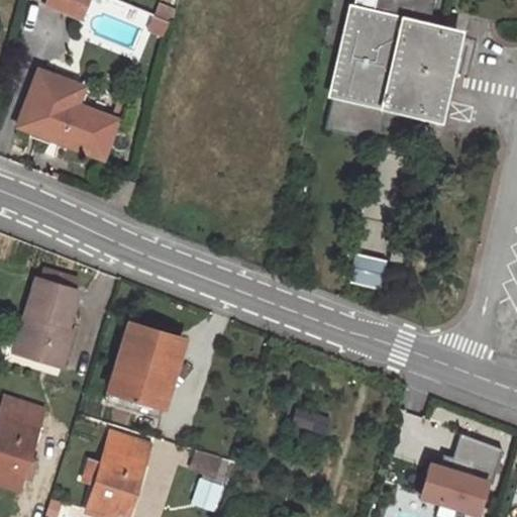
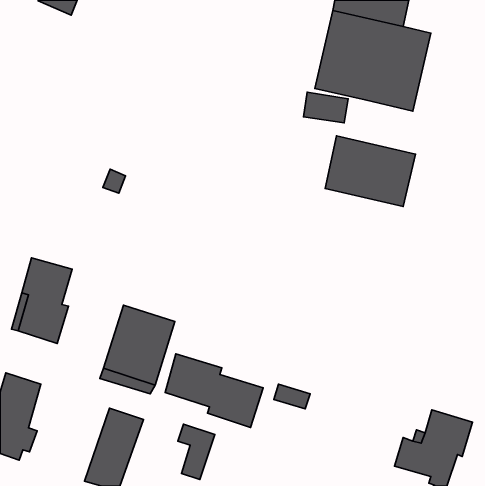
building: [13,68,114,159] -> none
building: none -> [325,136,415,206]
building: [344,252,382,287] -> none
building: none -> [165,354,263,428]

